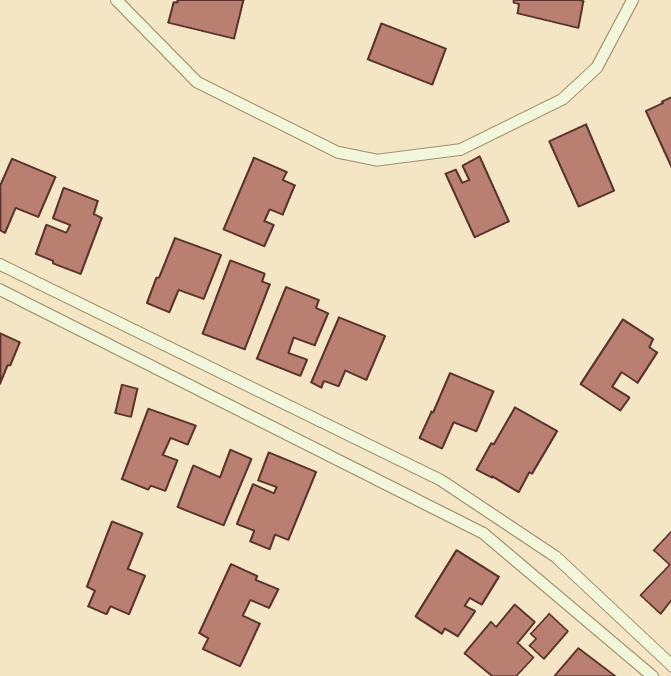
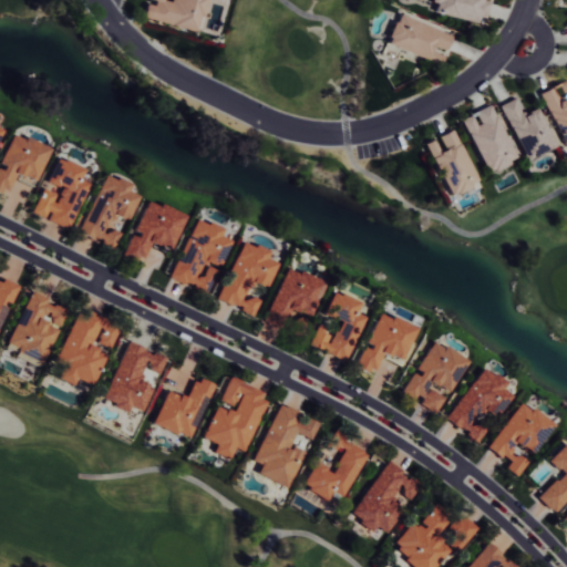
building: [368,24,446,84] -> [390,13,455,64]
building: none -> [503,99,559,161]
building: [445,156,509,237] -> [427,128,481,196]
building: [223,158,295,246] -> [82,173,142,247]
building: [581,319,657,411] -> [449,367,513,443]
building: none -> [10,291,70,360]
building: none -> [309,291,365,361]
building: none -> [491,401,556,477]
building: none -> [303,434,369,499]
building: [87,522,145,614] -> [60,308,109,385]
building: [199,564,278,666] -> [254,403,320,488]

